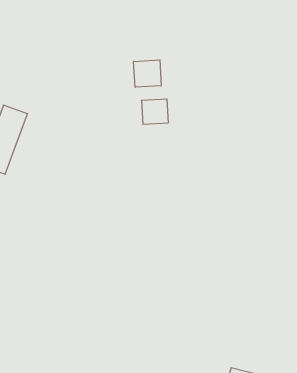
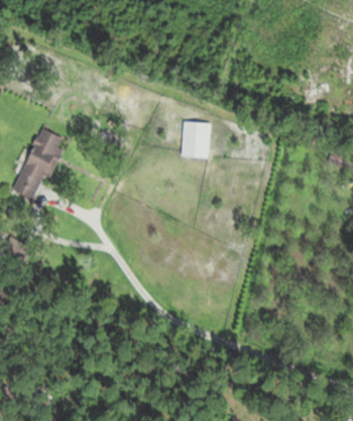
building: [134,60,161,87] -> none

